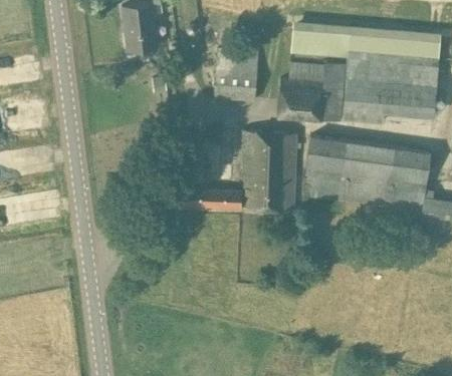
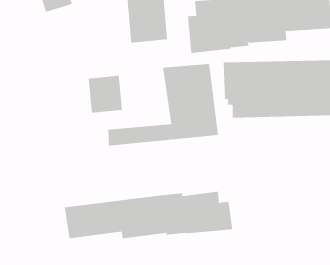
building: none -> [88,75,122,113]
building: none -> [64,191,233,239]

